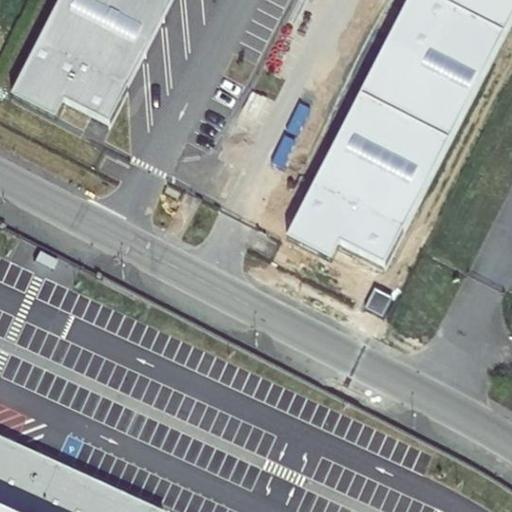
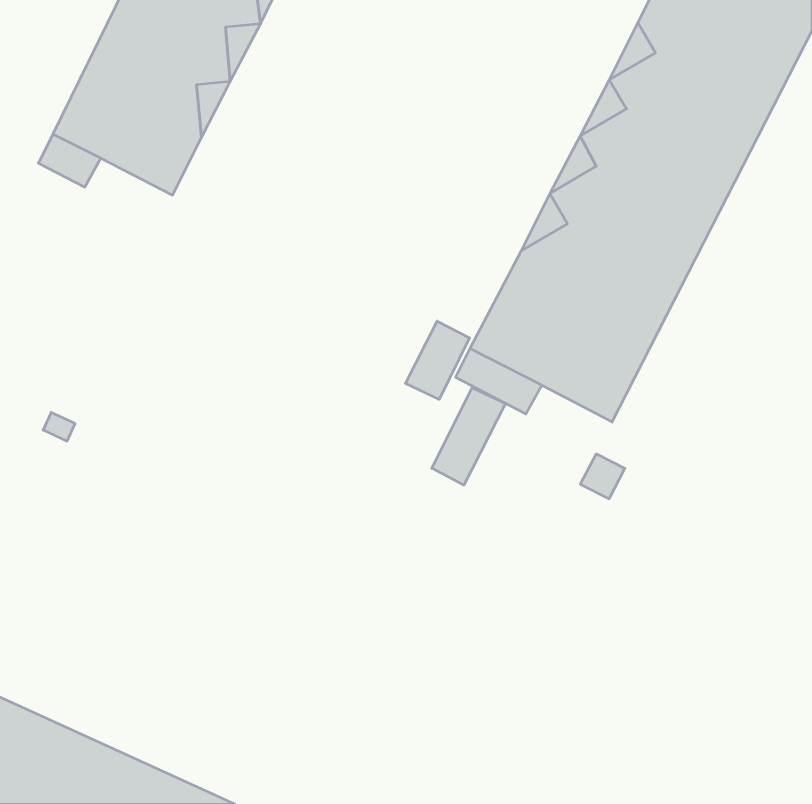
building: none -> [405,321,470,399]
building: none -> [432,388,506,485]

